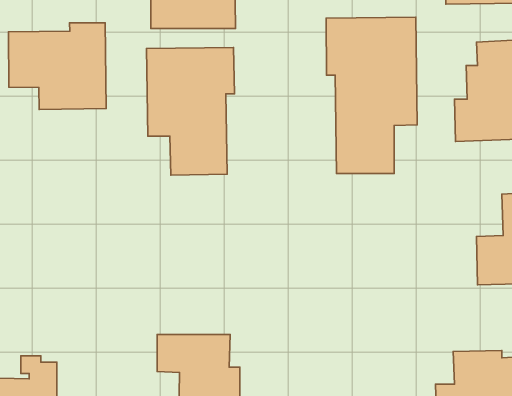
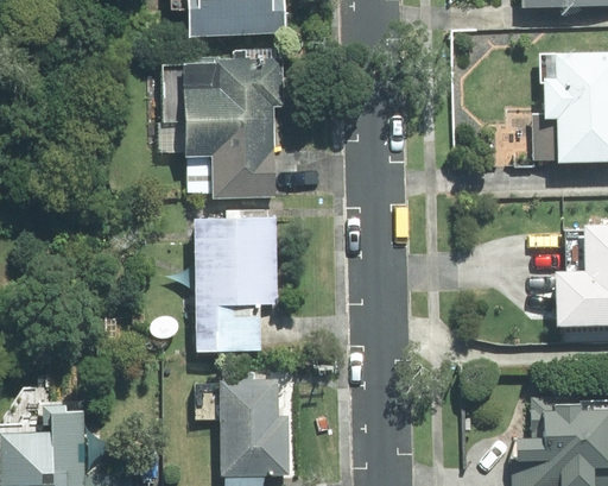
building: [326,17,417,174] -> none
building: [9,23,106,109] -> none
building: none -> [195,217,278,352]

